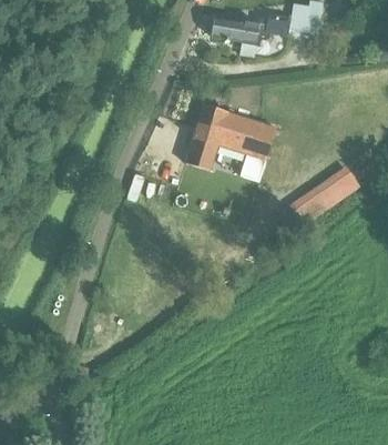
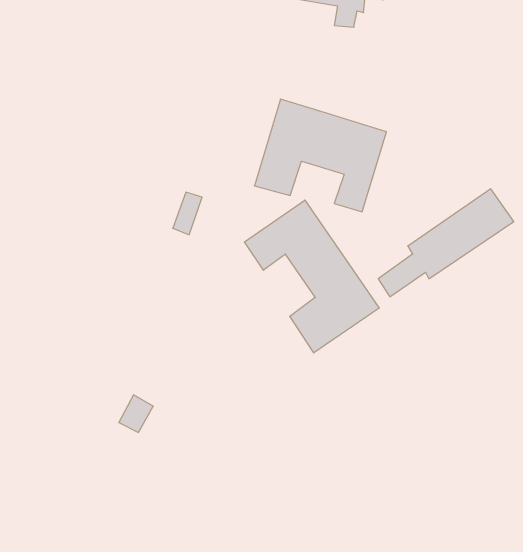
building: none -> [244,200,379,353]

